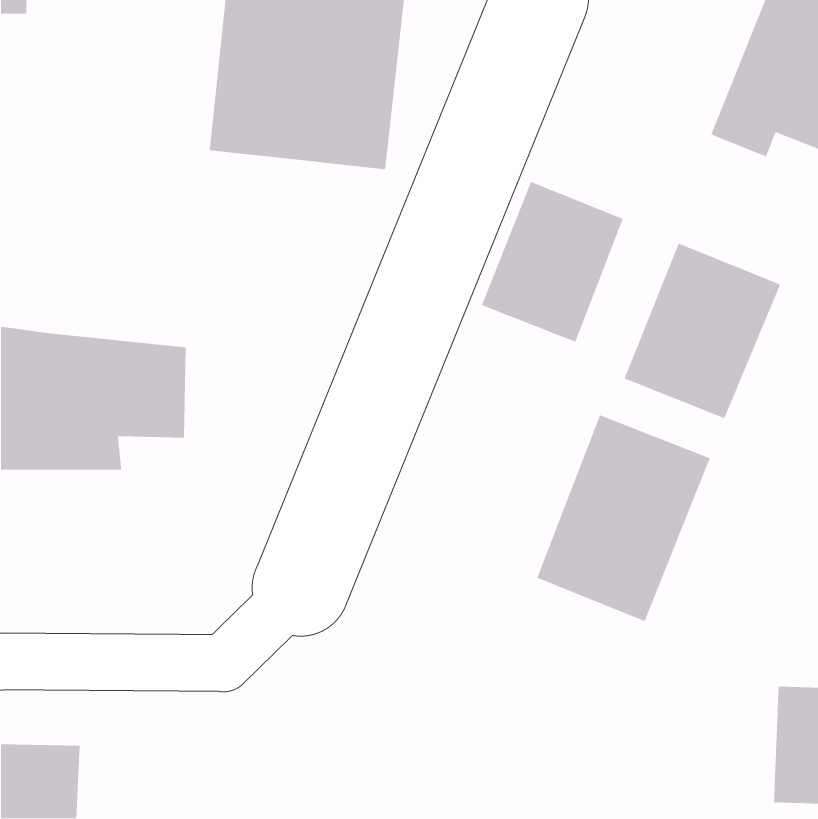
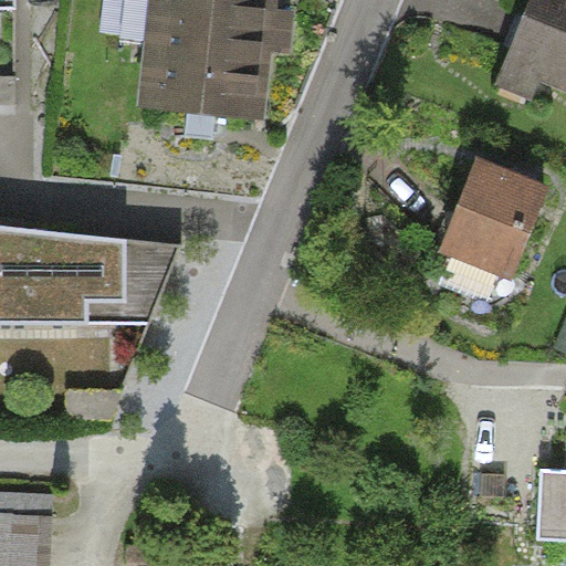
building: [481,181,624,343] -> none
building: [536,414,711,622] -> none

